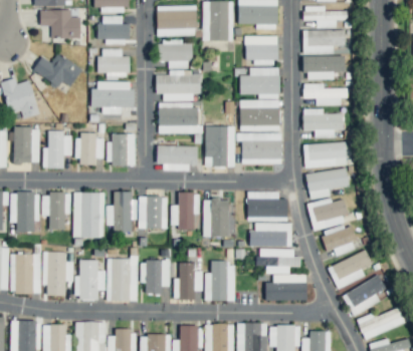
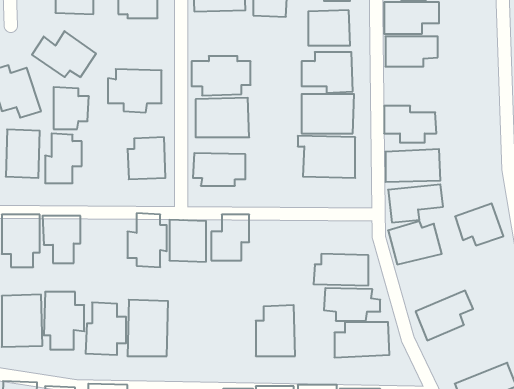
building: [158,41,191,69] -> none
building: [98,49,129,78] -> none
building: [303,83,347,105] -> none
building: [205,126,235,167] -> none
building: [77,132,105,164] -> [54,87,89,129]
building: [247,192,287,221] -> none
building: [73,193,105,238] -> none
building: [203,200,229,238] -> none
building: [321,224,358,256] -> [455,203,503,245]
building: [141,261,170,294] -> none
building: [174,263,203,300] -> none
building: [342,275,386,317] -> none

